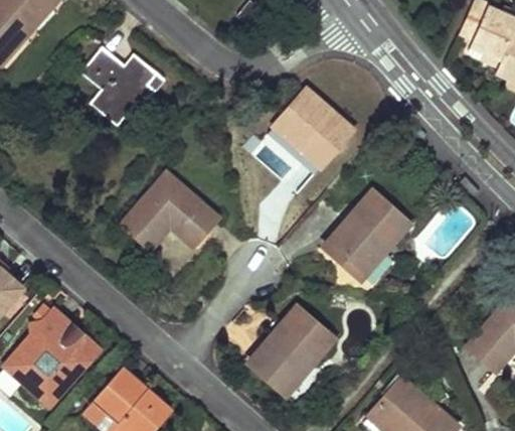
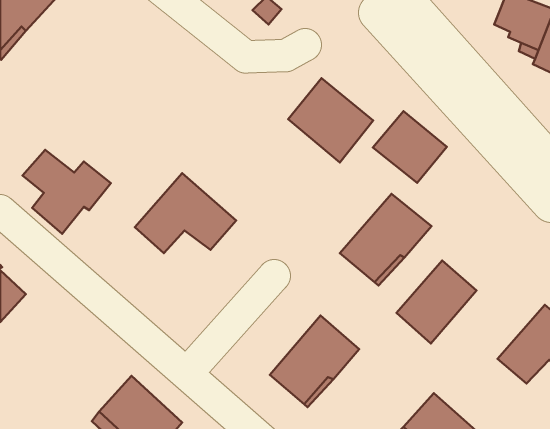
building: [82,50,165,129] -> [22,150,111,234]
building: none -> [373,111,447,183]
building: none -> [397,261,476,344]
building: [8,306,92,394] -> none

